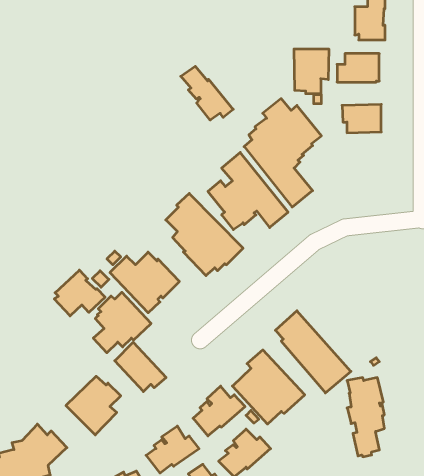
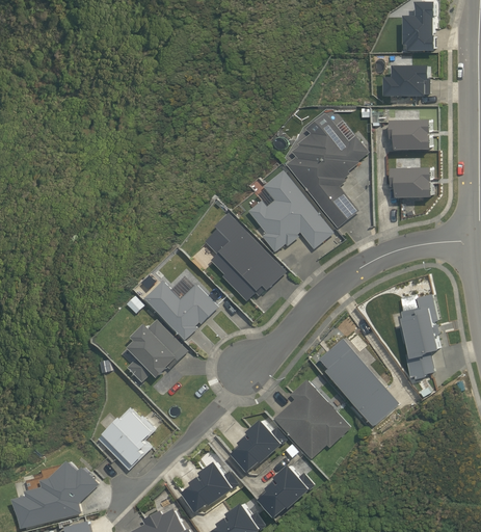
building: [294,49,329,94] -> none
building: [181,66,233,120] -> none
building: none -> [391,167,432,197]
building: [54,270,105,316] -> none
building: [115,342,166,392] -> none
building: [347,378,384,457] -> [399,295,438,379]

